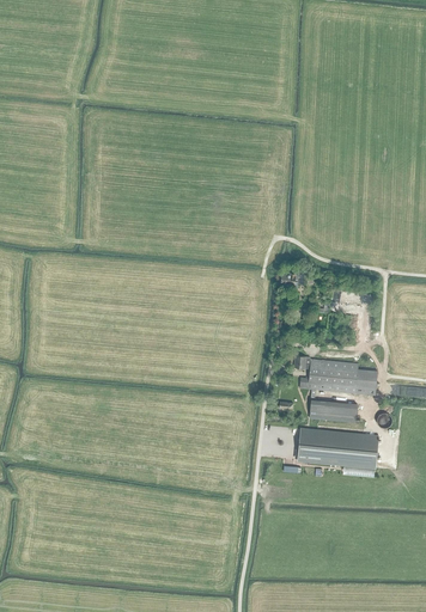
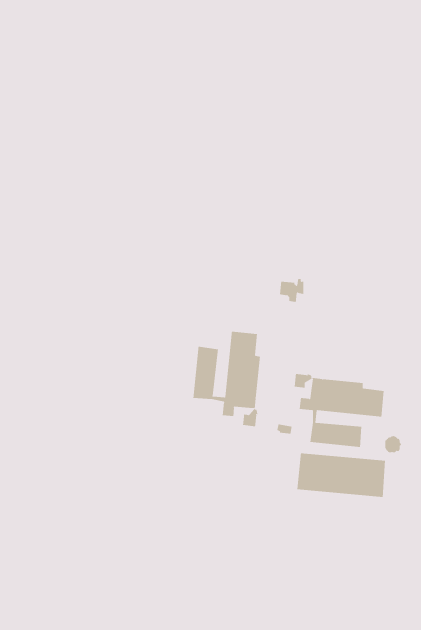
building: none -> [193,331,261,427]

